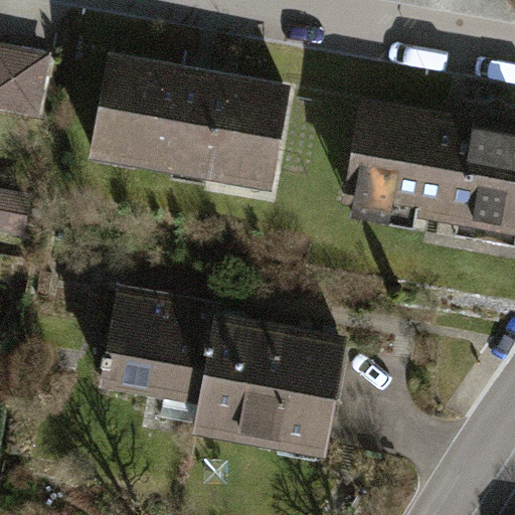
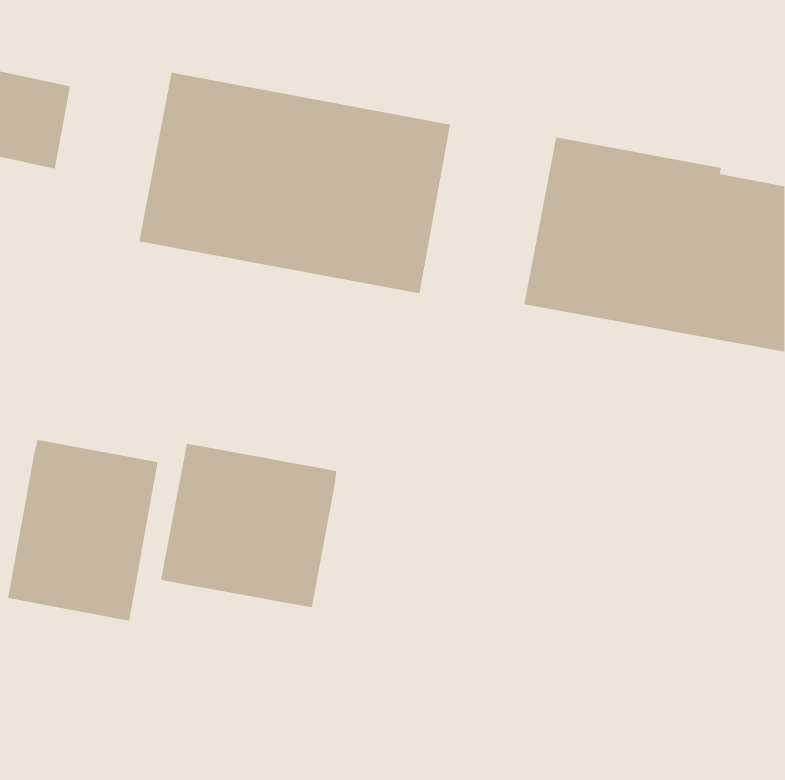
building: none -> [7,439,158,621]
building: [199,321,340,452] -> none

